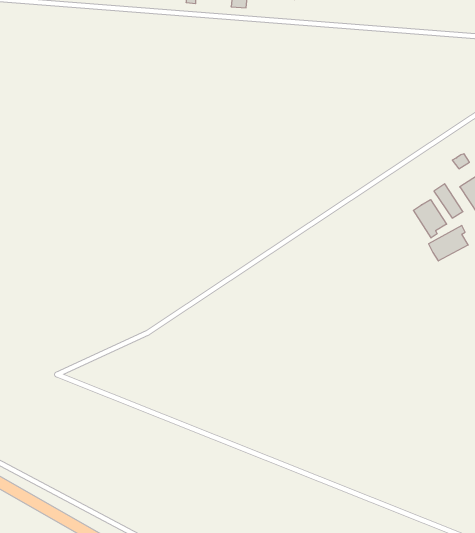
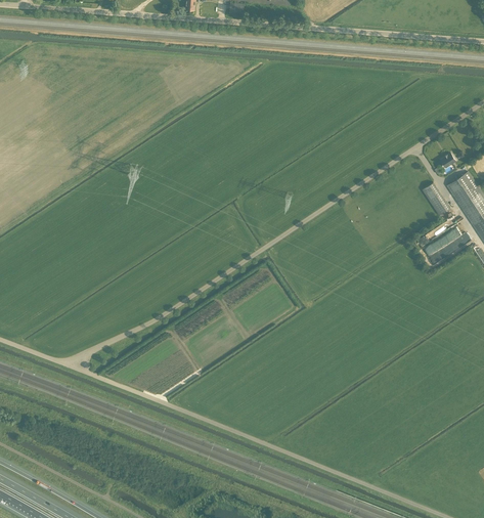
building: [413,200,447,238] -> none

